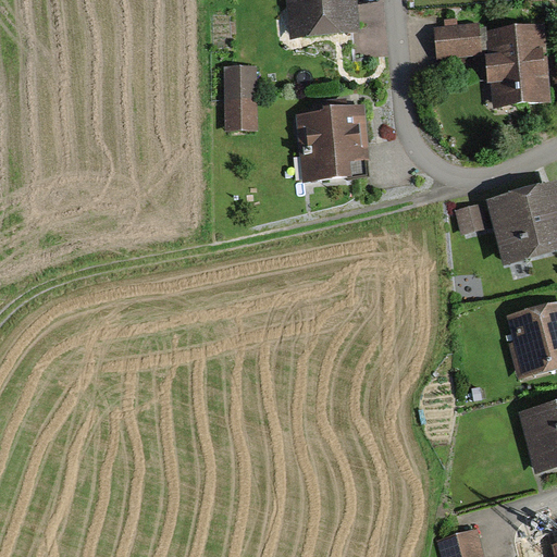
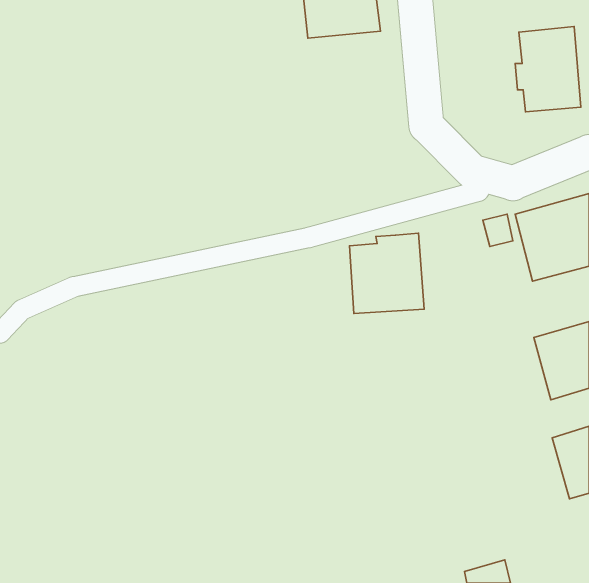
building: [433,18,484,59] -> none
building: [224,65,258,127] -> none
building: [297,103,368,180] -> [349,233,424,314]

